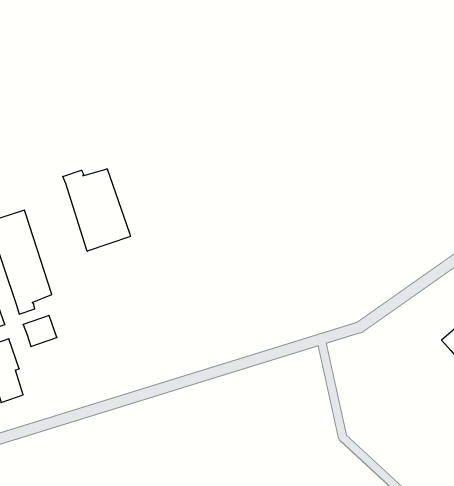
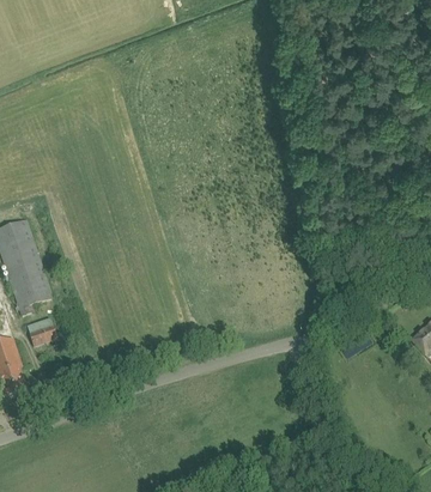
building: [63,169,131,251] -> none

